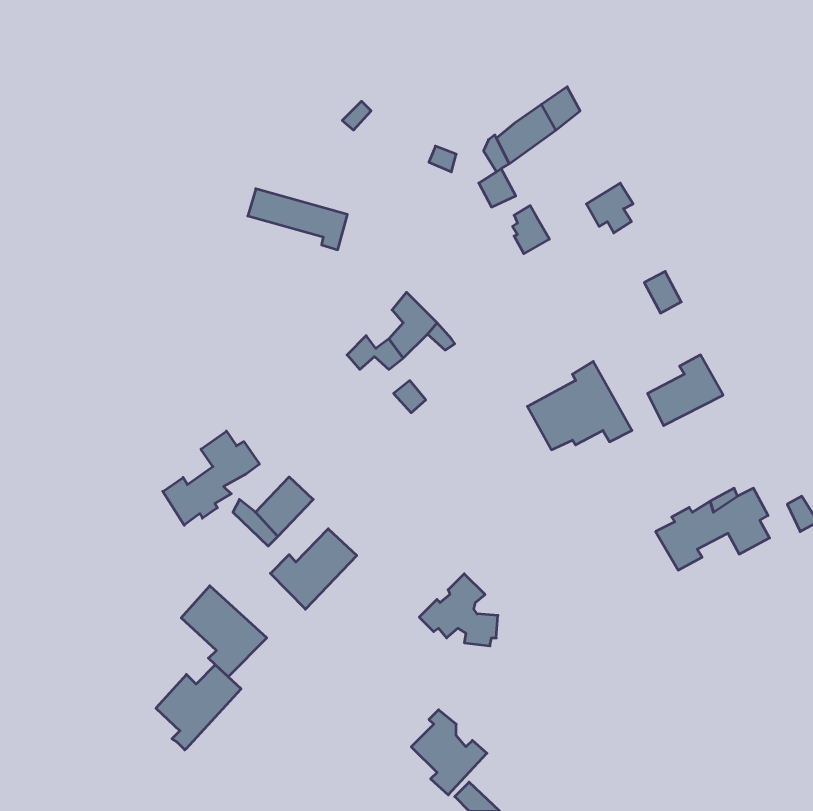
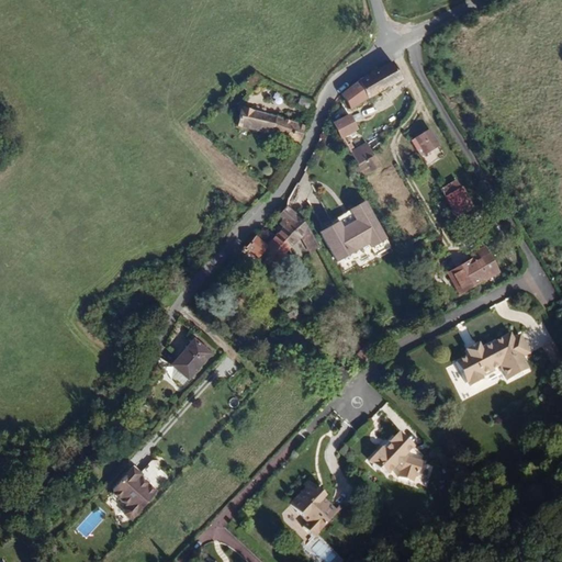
building: [248,189,347,250] -> [237,104,305,146]
building: [527,361,632,450] -> [319,201,391,261]
building: [163,431,259,525] -> none
building: [270,529,357,609] -> none
building: [419,574,498,646] -> [368,434,422,483]
building: [181,586,267,677] -> none

